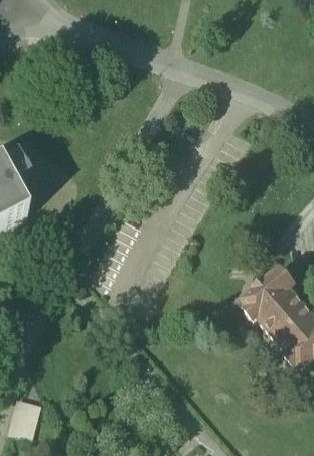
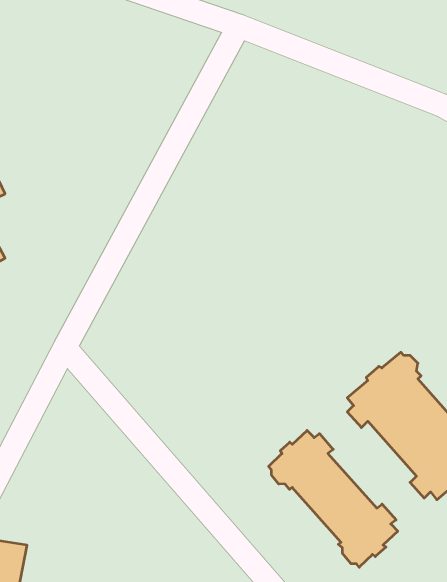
building: none -> [269,430,398,567]

